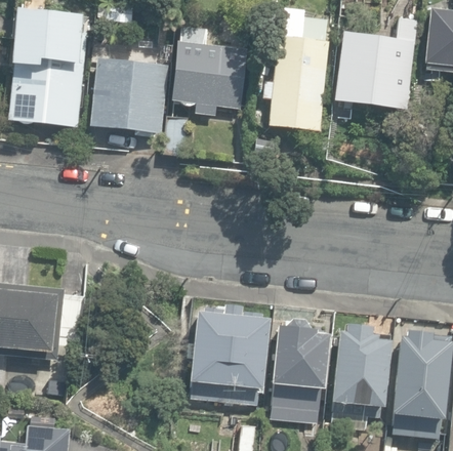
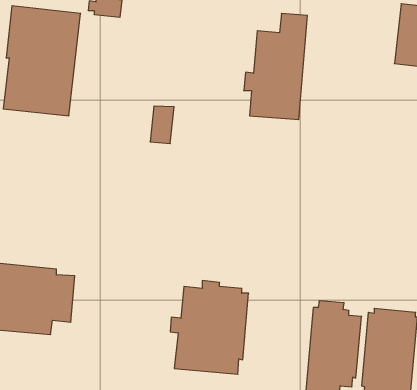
building: [335,16,418,110] -> none
building: [171,27,248,116] -> none
building: [91,58,170,134] -> none
building: [272,321,328,411] -> none

